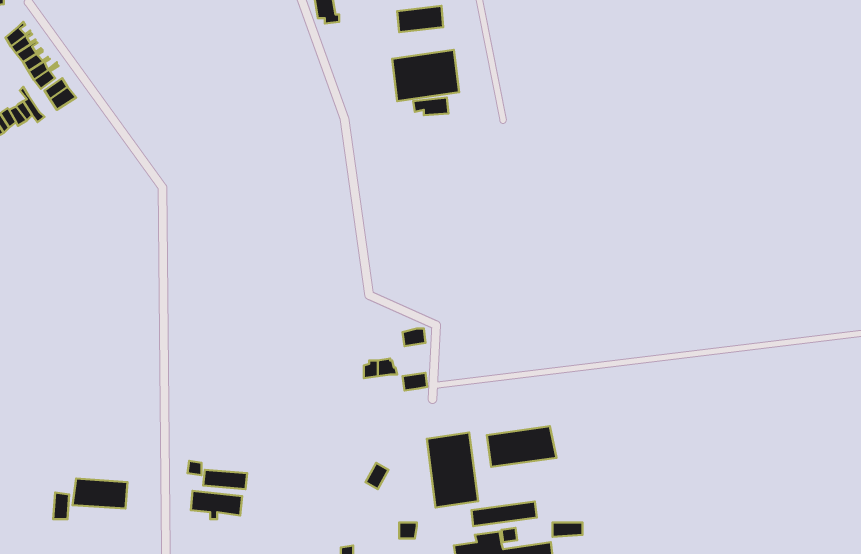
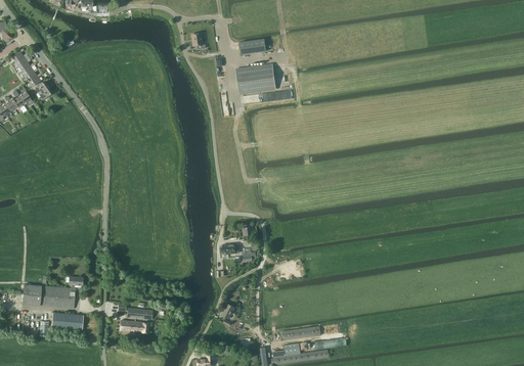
building: none -> [23,275,83,307]
building: [487,426,556,467] -> none
building: [427,433,478,507] -> none

